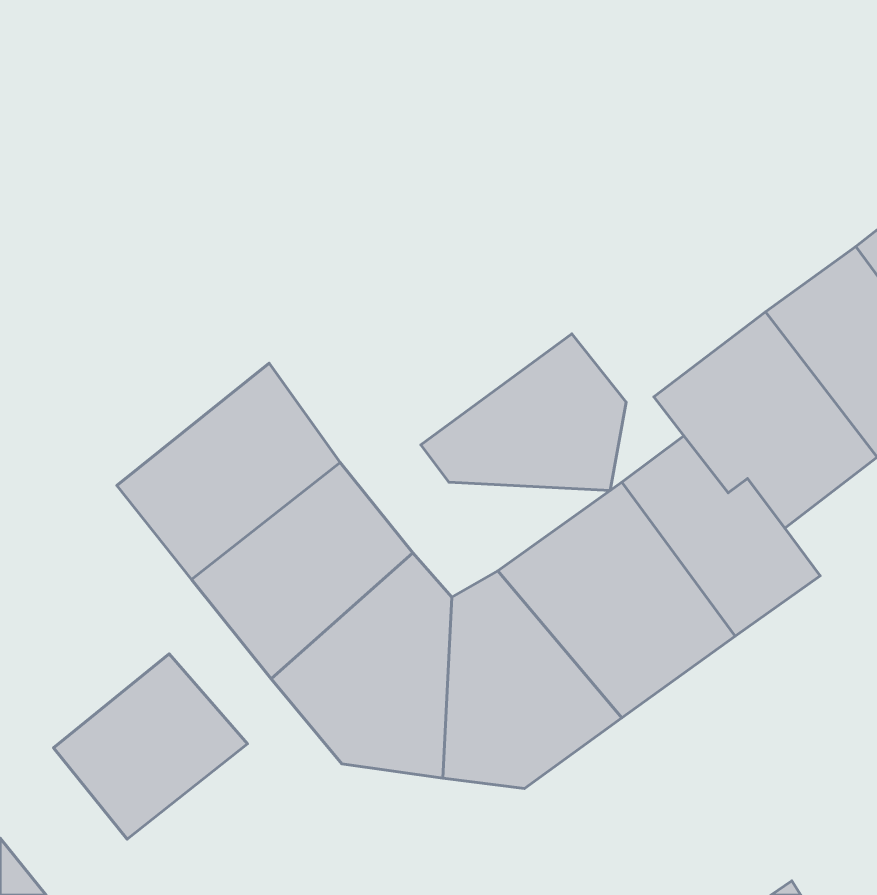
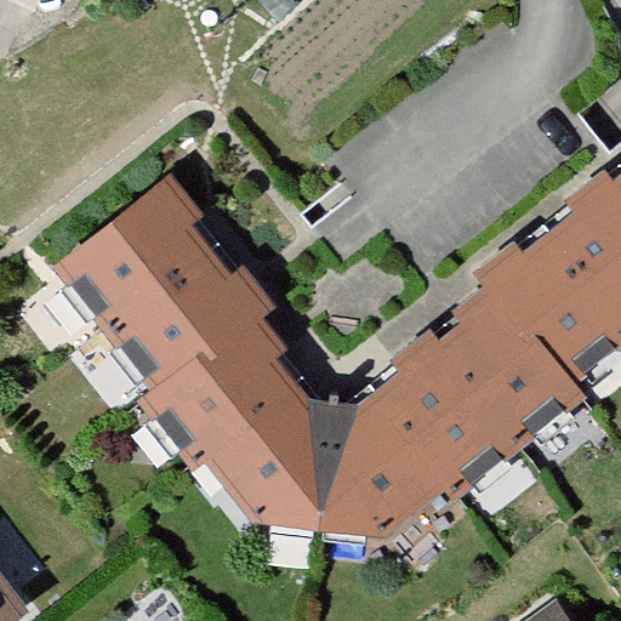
building: none -> [51,188,204,332]
building: [421,334,626,490] -> none
building: [54,654,248,839] -> none

